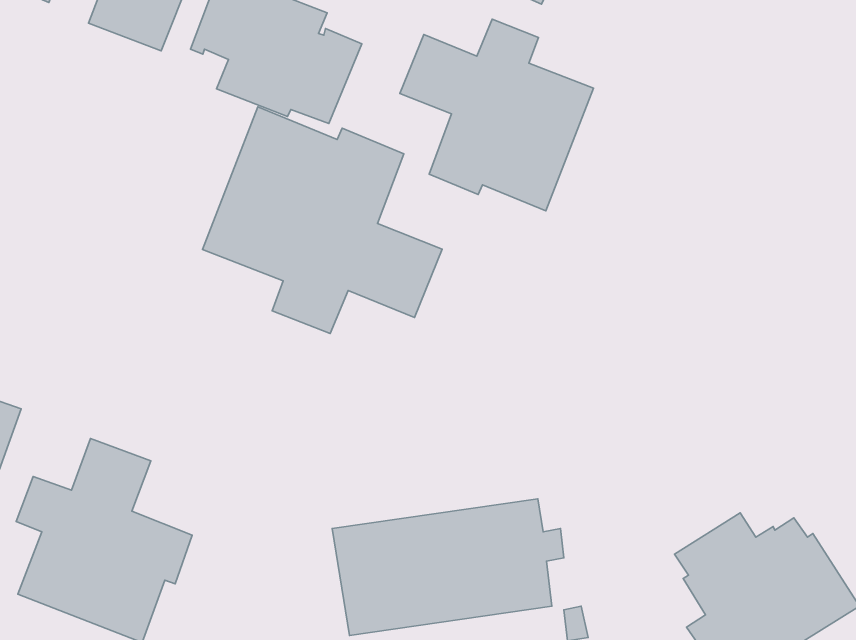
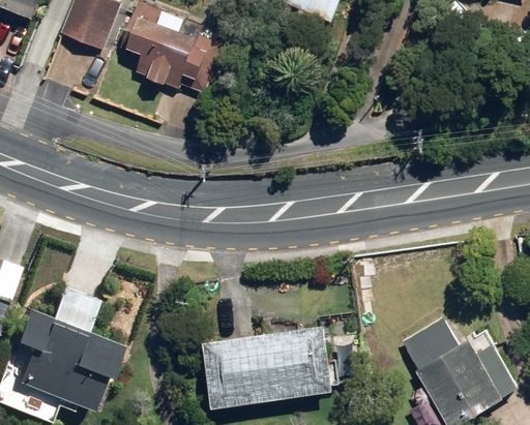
building: [400,19,593,211] -> none
building: [203,107,442,333] -> none

